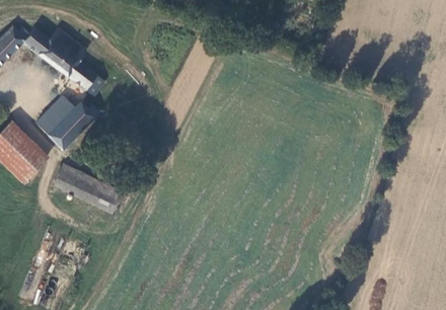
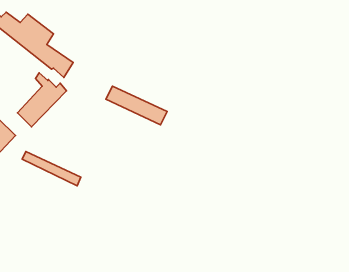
building: [35,95,74,136] -> none
building: [57,163,123,205] -> [106,86,167,125]

